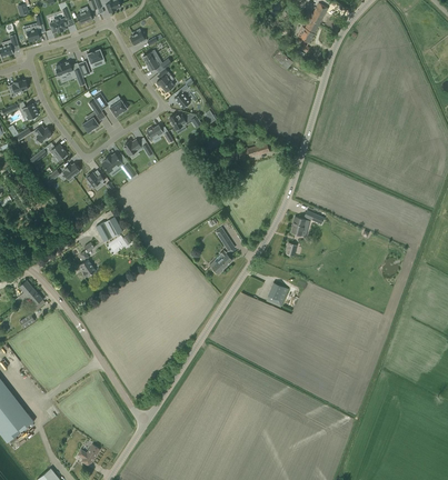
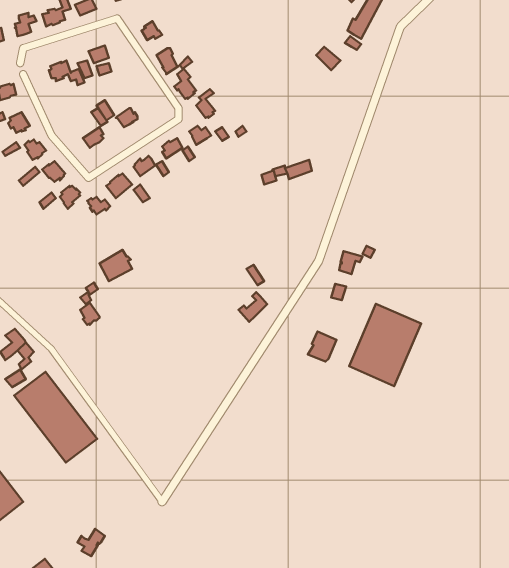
building: none -> [349,304,421,386]
building: none -> [14,372,97,462]

